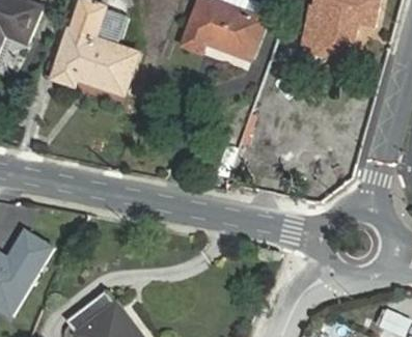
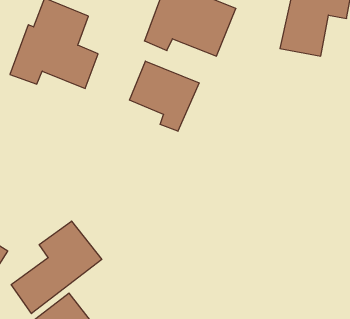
building: none -> [130,61,199,131]
building: none -> [11,221,102,314]

